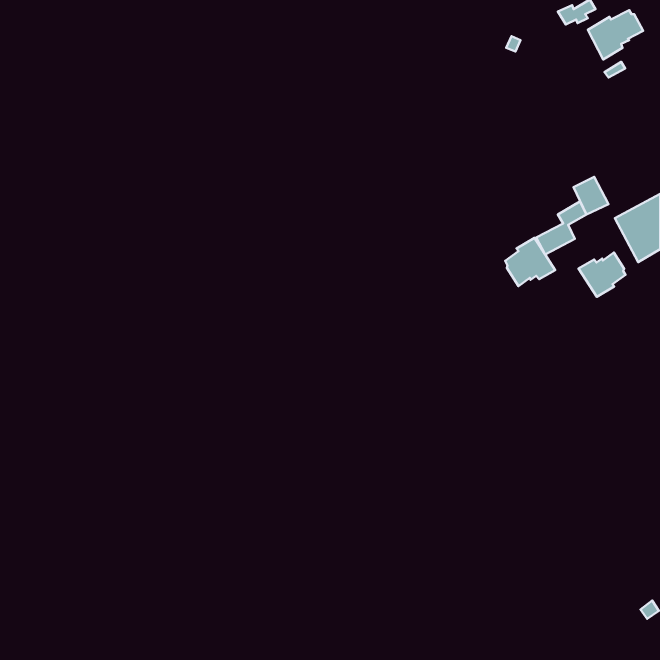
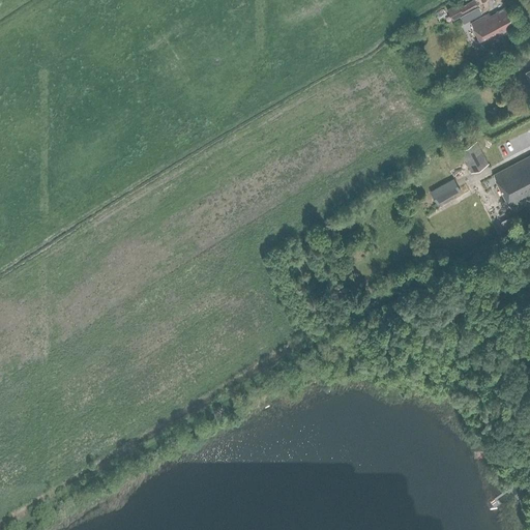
building: [505,238,555,286] -> none
building: [579,252,626,297] -> none

